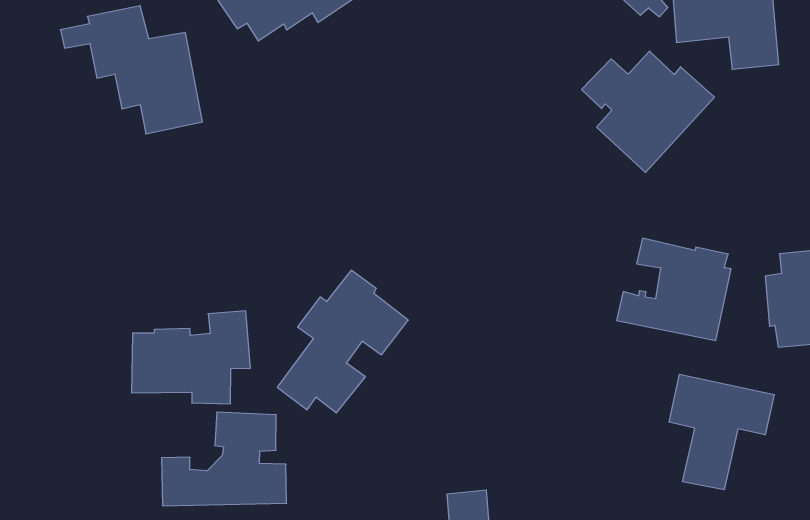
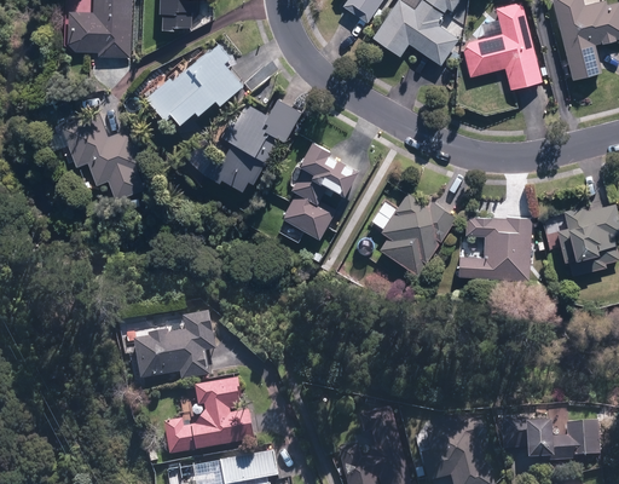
building: none -> [203,98,302,190]
building: [582,51,714,172] -> [364,192,456,276]
building: [277,270,408,413] -> [276,140,358,241]
building: [669,374,774,490] -> none

